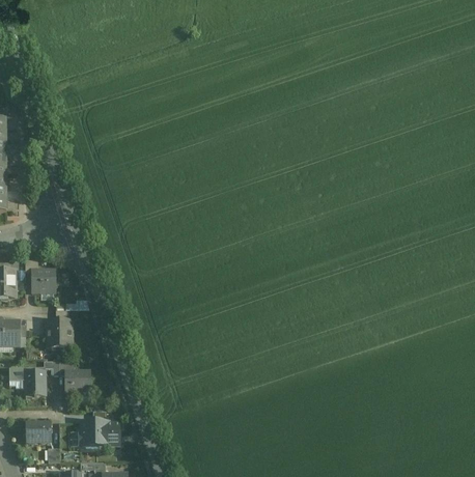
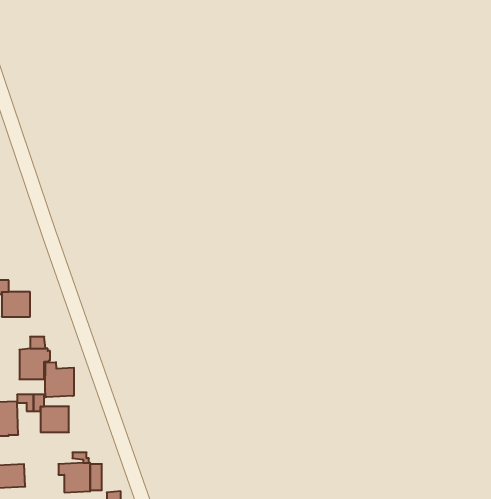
building: none -> [45,362,74,397]

